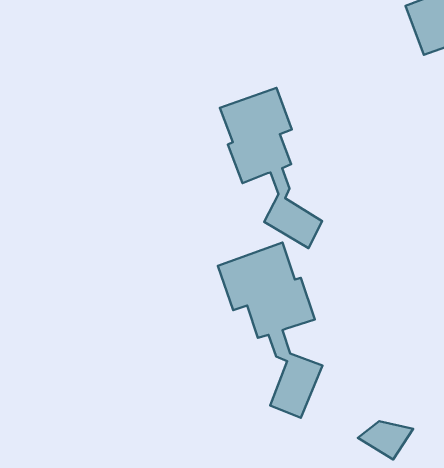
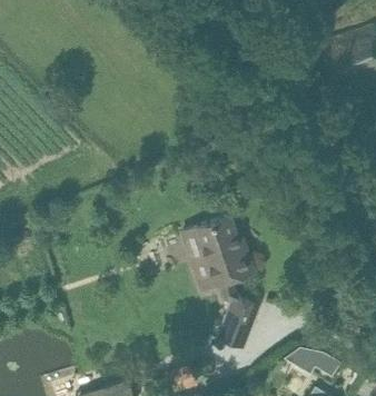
building: [220,88,322,248] -> none

